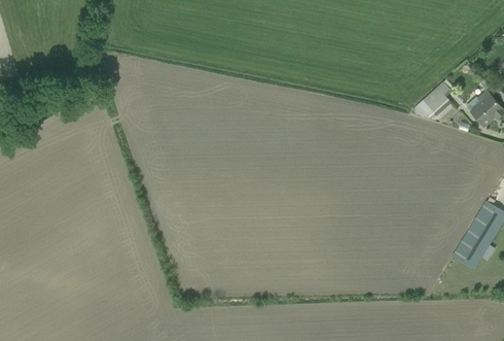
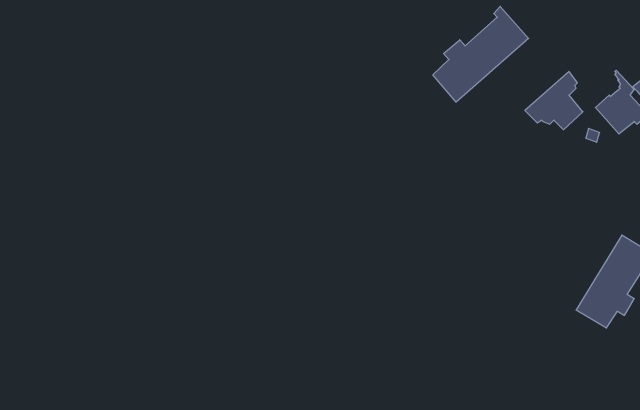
building: none -> [433,6,529,102]

